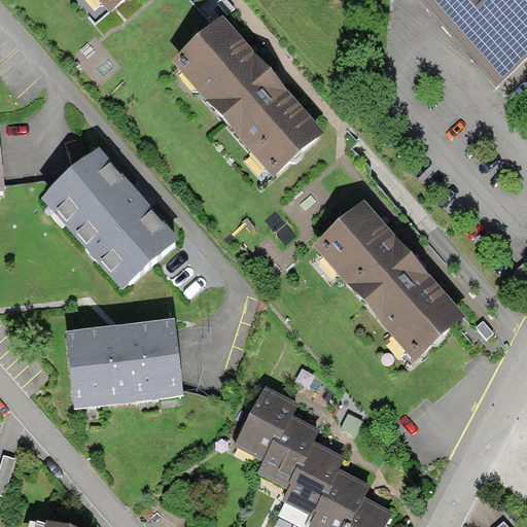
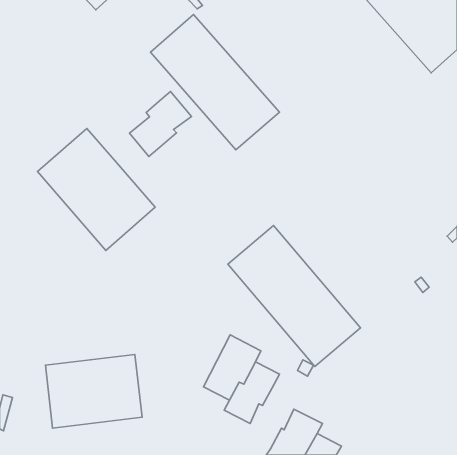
building: none -> [130,91,191,157]
building: [311,198,463,359] -> [228,226,360,366]
building: [68,319,179,403] -> [45,354,142,428]
building: [280,441,345,515] -> none

